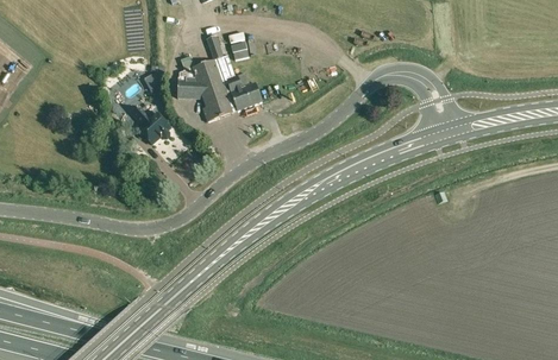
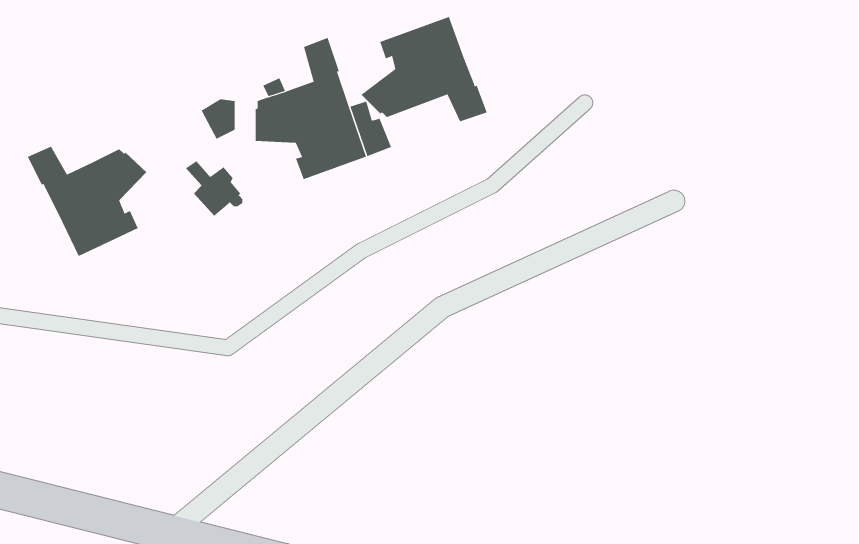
building: none -> [361,16,488,122]
building: none -> [27,146,147,257]

